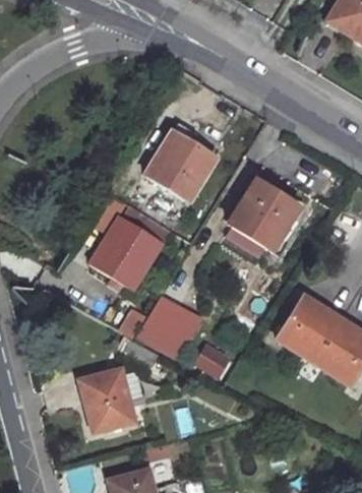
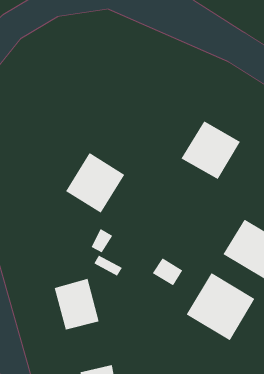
building: [146,122,219,200] -> none
building: [138,294,204,360] -> none
building: none -> [186,272,255,341]

